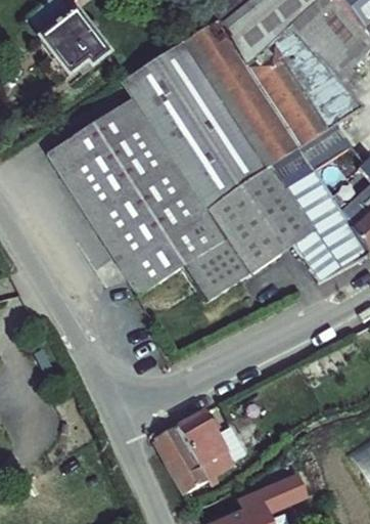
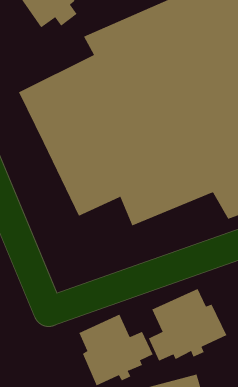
building: none -> [148,288,227,362]

